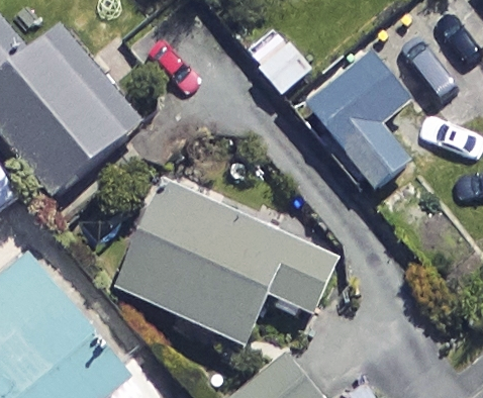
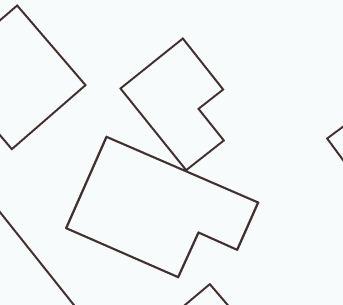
building: [293,40,412,192] -> [120,39,224,170]

